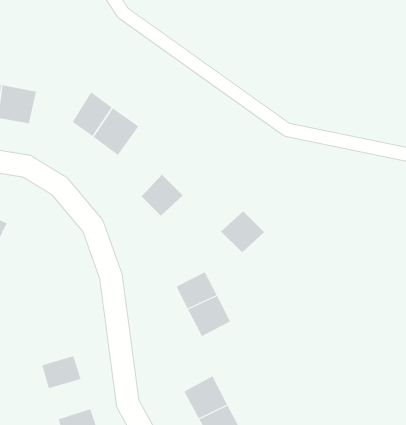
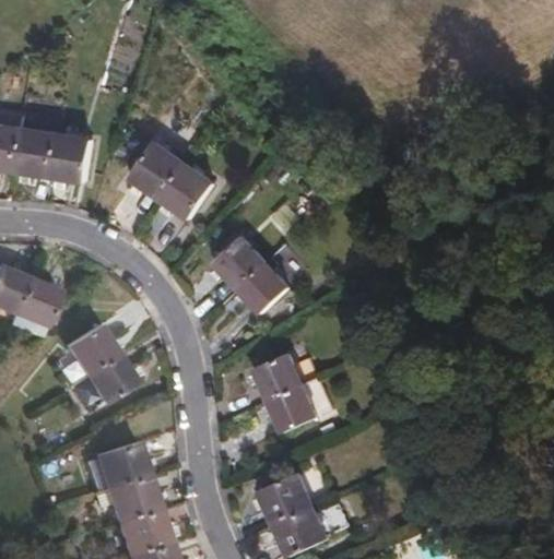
building: [220,211,265,253] -> [235,263,286,312]
building: none -> [72,330,135,405]
building: none -> [105,475,154,521]

